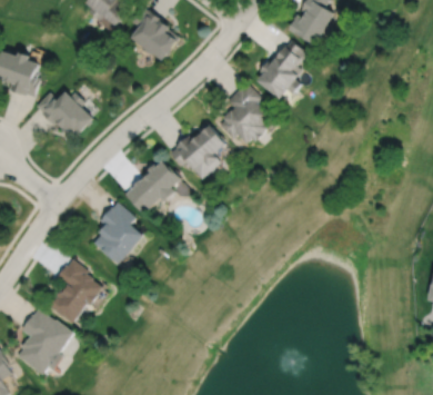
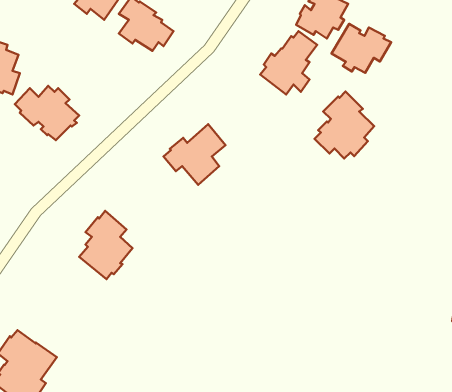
building: none -> [331,24,391,73]
building: [218,82,271,142] -> [315,92,374,159]
building: [124,159,180,214] -> none
building: [49,259,101,323] -> none

